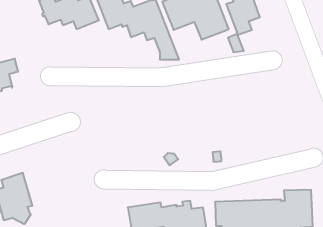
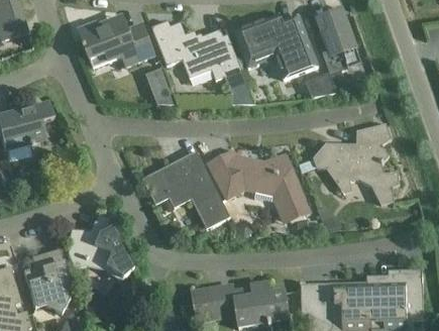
building: none -> [144,68,177,105]
building: none -> [312,124,399,204]
building: none -> [207,149,309,222]
building: none -> [145,150,229,227]
building: none -> [66,214,131,279]

